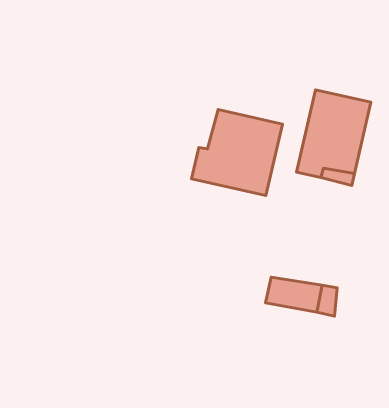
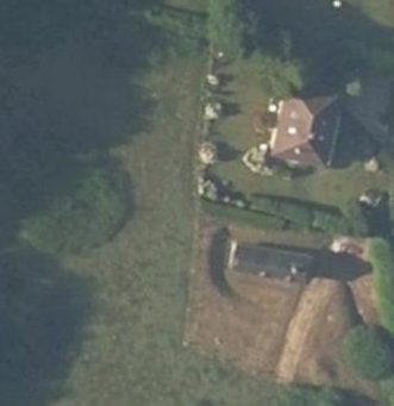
building: [192,109,283,195] -> none

